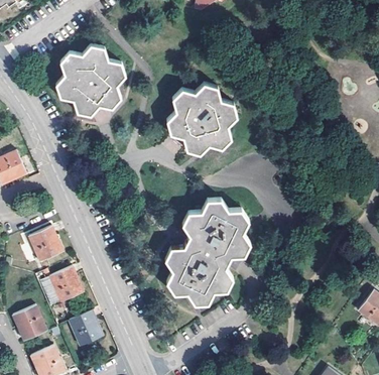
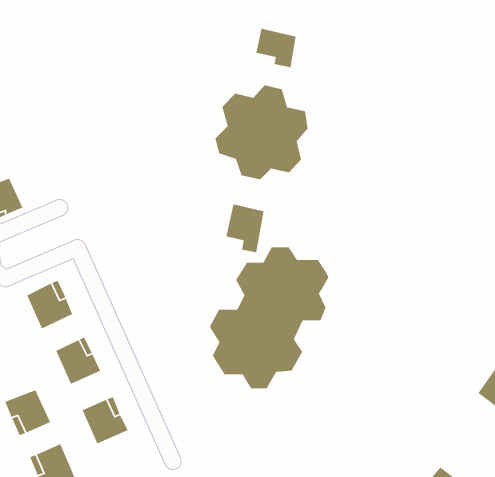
building: none -> [255,28,296,68]
building: [54,46,124,115] -> none
building: none -> [226,203,265,253]

